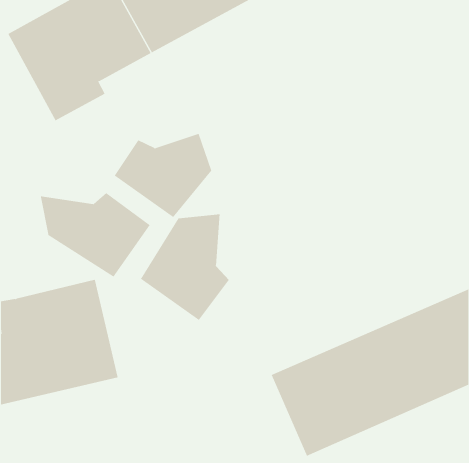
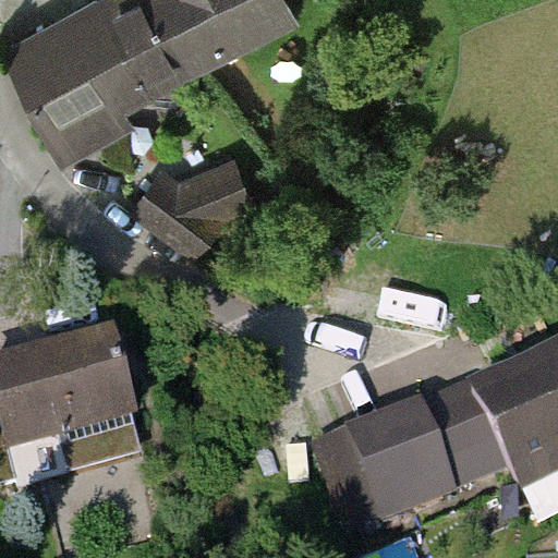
building: [40,192,151,277] -> none
building: [140,214,229,321] -> none

